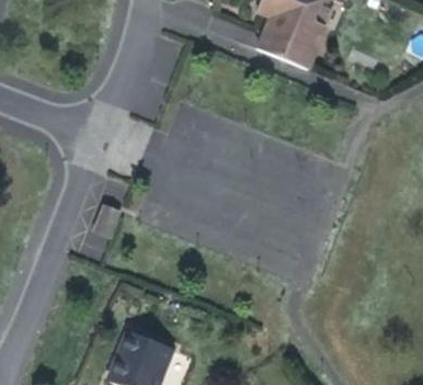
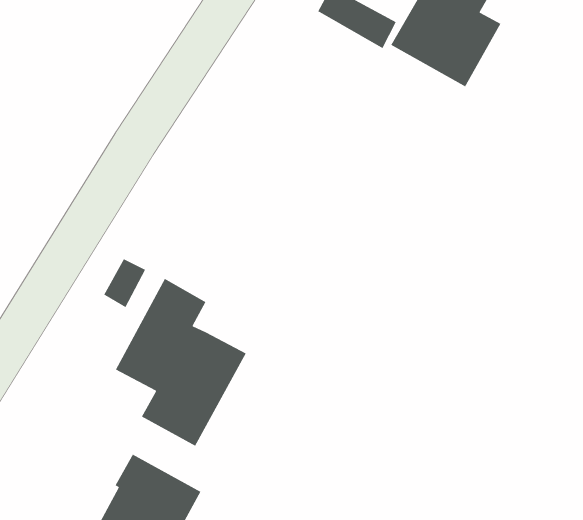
building: none -> [115,278,247,447]

